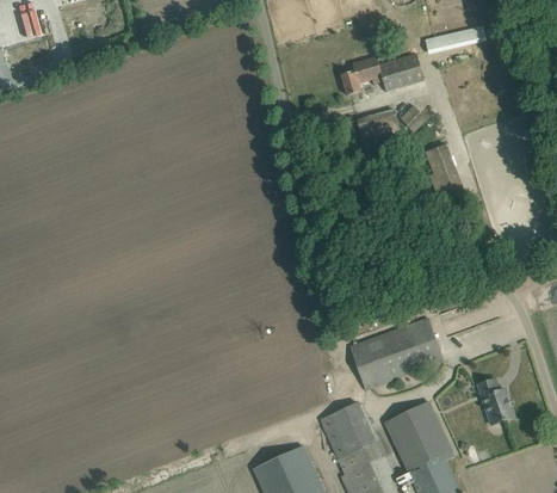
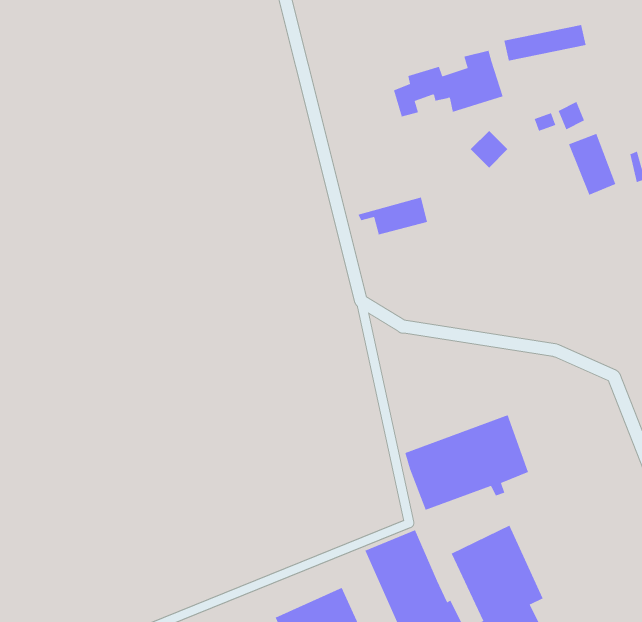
building: [346,110,398,138] -> [358,197,428,235]
building: [423,143,459,190] -> [568,133,616,195]
building: [477,378,513,424] -> none

